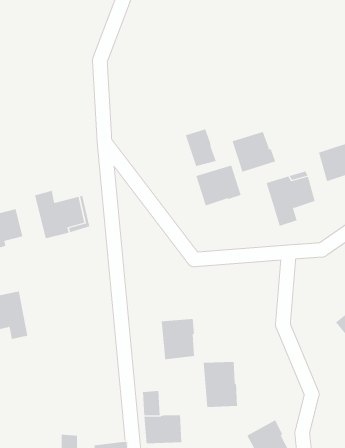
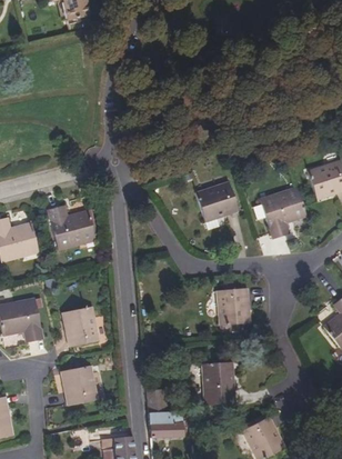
building: [185,128,216,167] -> none
building: [232,131,276,172] -> none
building: none -> [64,307,99,347]
building: [161,319,195,360] -> [217,288,248,326]
building: none -> [63,366,98,406]

